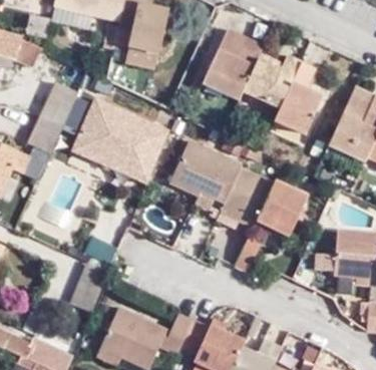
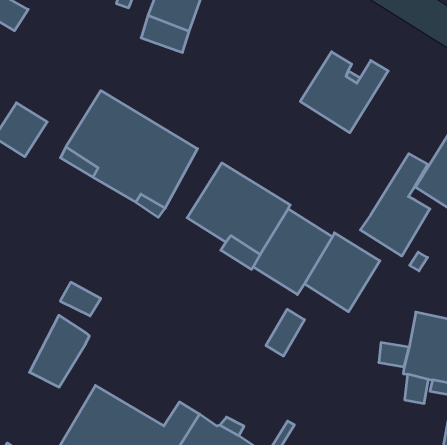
building: [202,30,263,99] -> none
building: [272,63,319,135] -> [360,154,430,256]
building: [42,81,80,125] -> none

